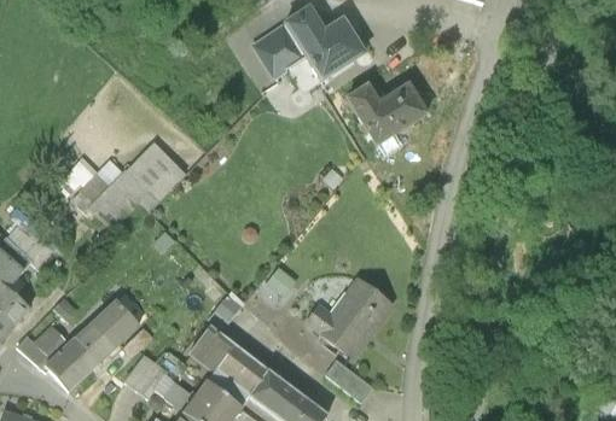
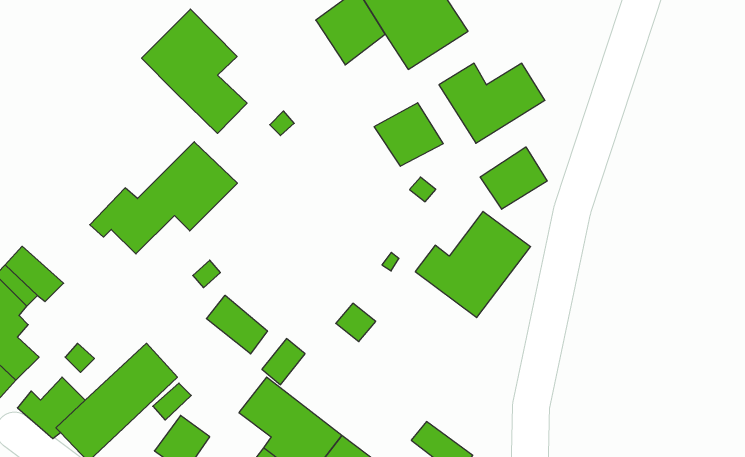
building: none -> [142,9,247,133]
building: none -> [374,103,443,166]
building: none -> [480,147,547,209]
building: none -> [206,295,267,354]
building: [304,275,395,358] -> [415,211,531,318]

